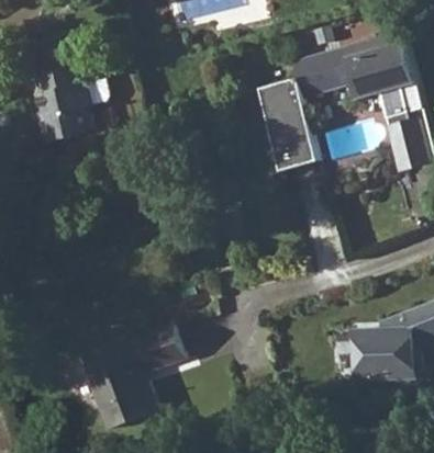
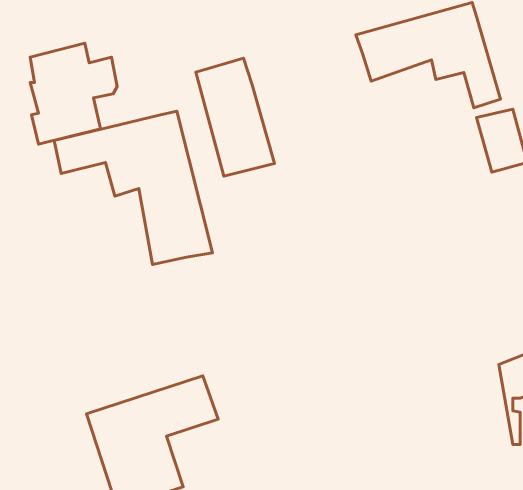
building: [259,75,321,167] -> [196,58,275,176]
building: none -> [54,111,212,265]
building: [357,317,414,381] -> none

